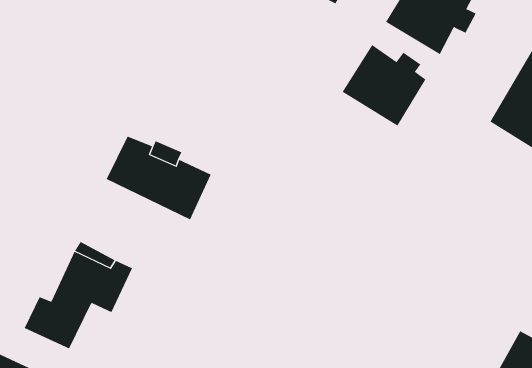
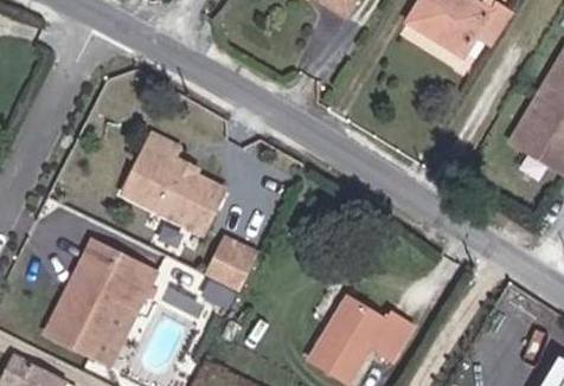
building: [342,44,426,126] -> none
building: none -> [203,247,246,295]
building: none -> [305,292,415,373]

